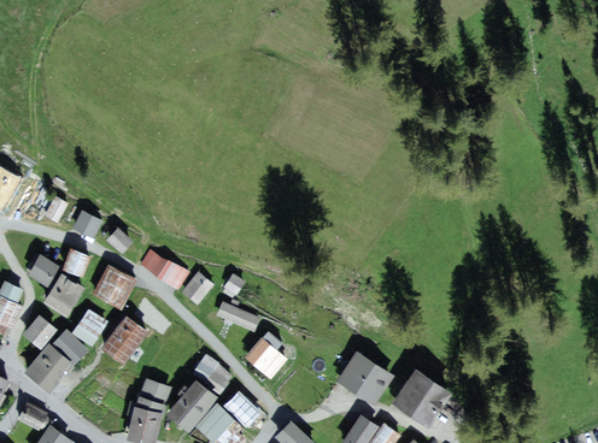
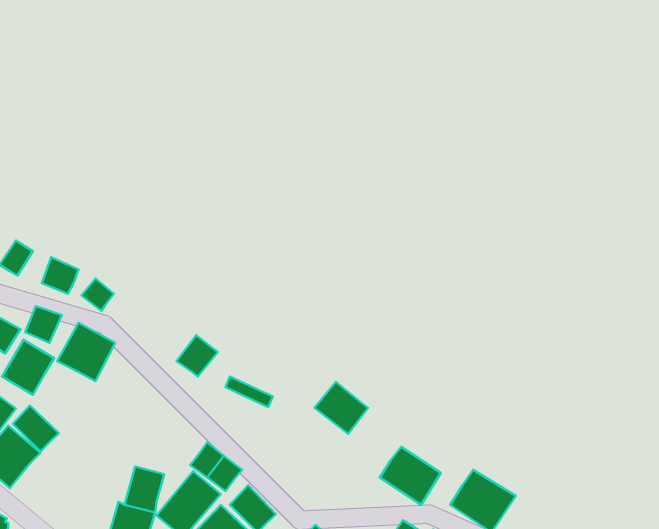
building: [150,250,187,285] -> none
building: [72,307,109,344] -> none
building: [101,314,150,365] -> none
building: [245,337,287,378] -> [315,382,368,434]

